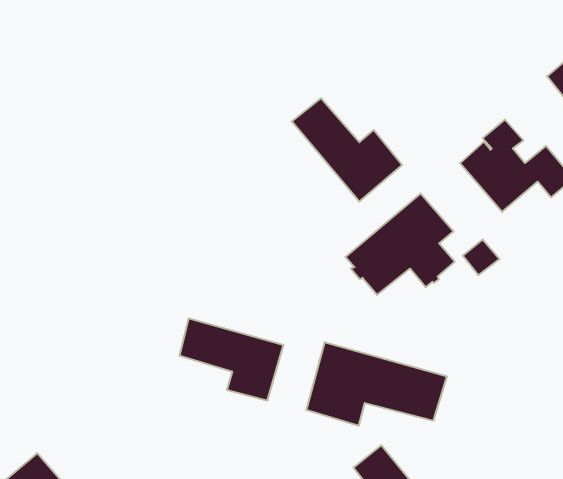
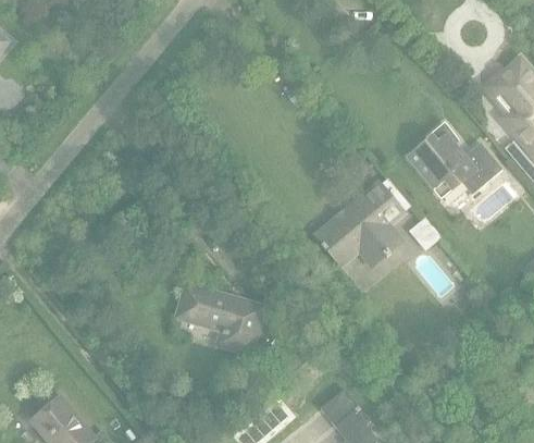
building: [292,98,402,202] -> none
building: [306,342,447,426] -> none

